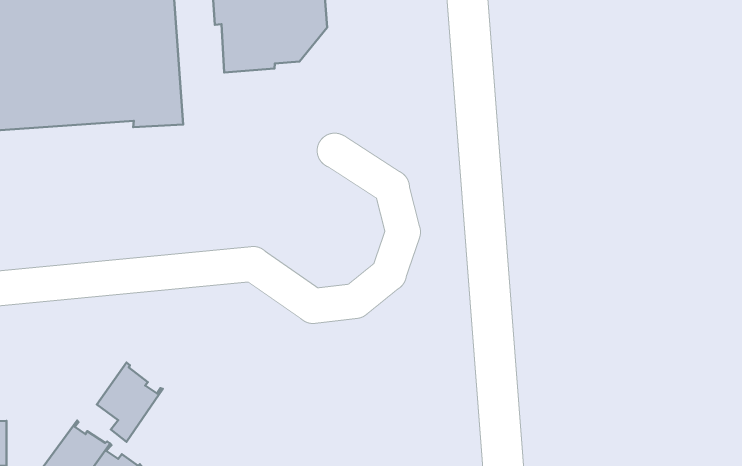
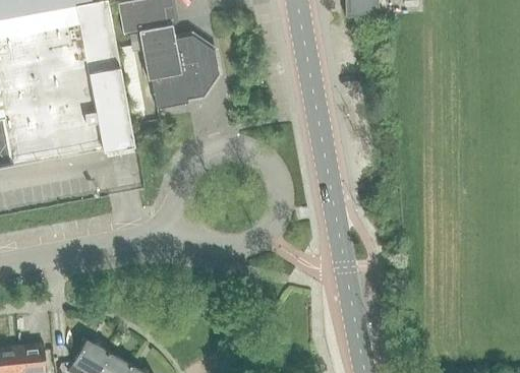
building: [97,363,163,442] -> none

